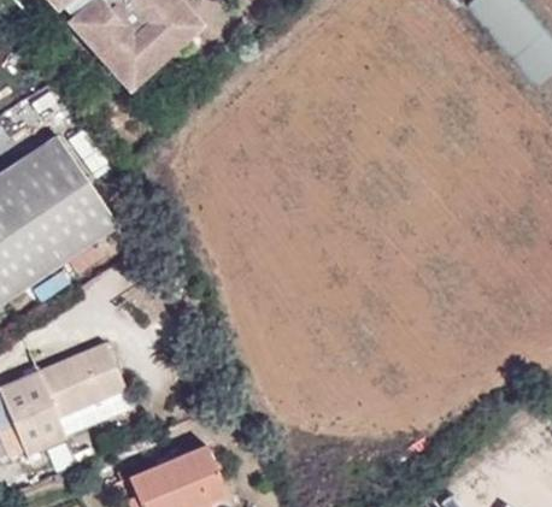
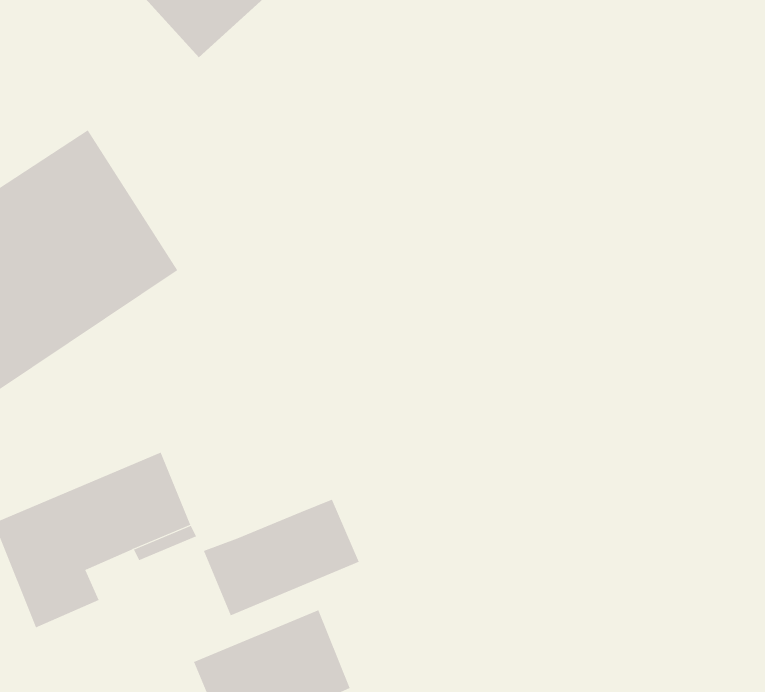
building: none -> [203,499,360,616]

